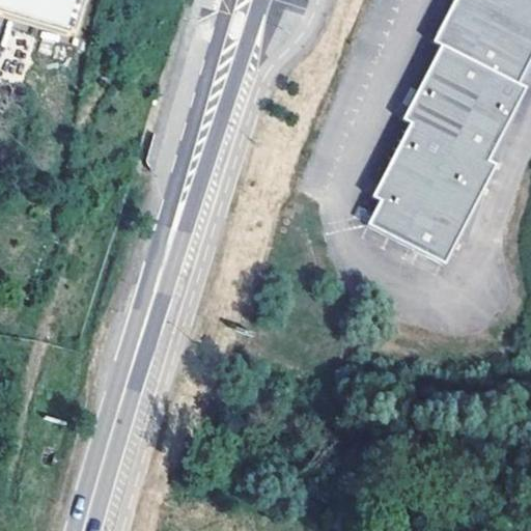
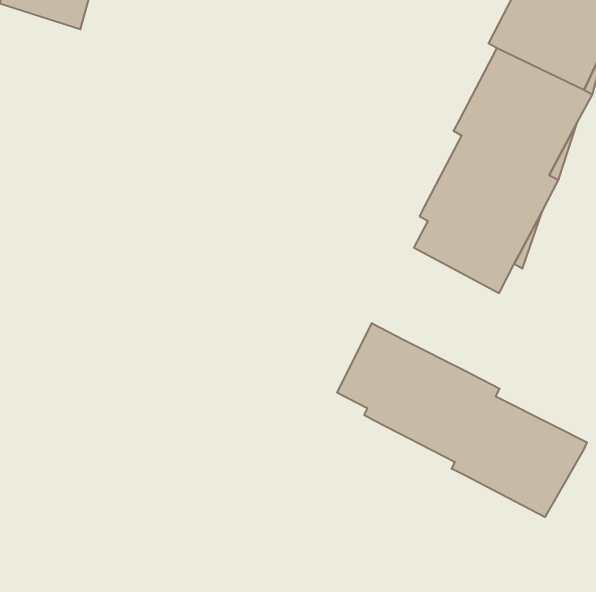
building: none -> [337,323,587,517]

